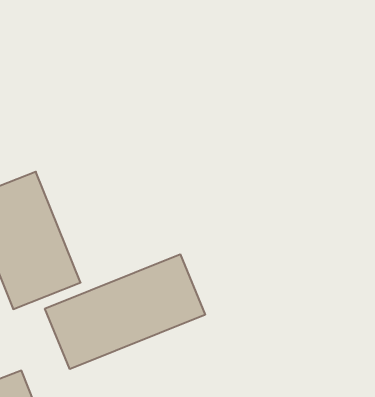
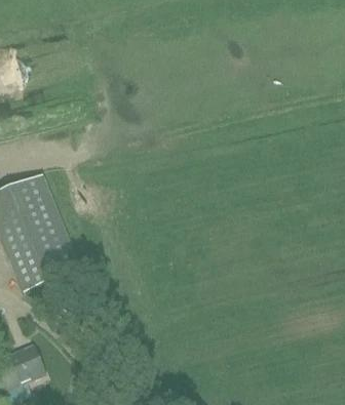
building: [45,254,205,369] -> none

